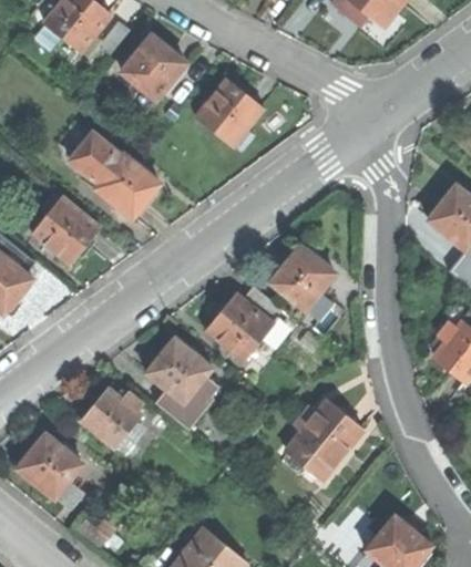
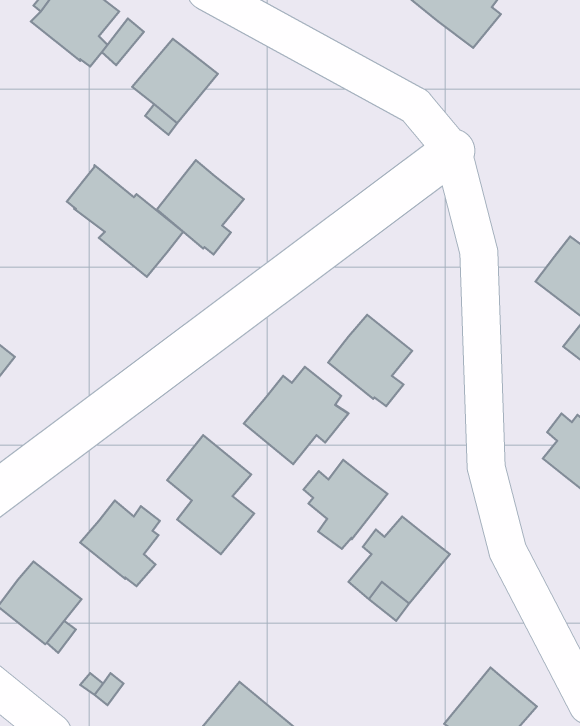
building: [196,79,263,151] -> [157,160,244,254]
building: [32,193,100,264] -> none
building: none -> [304,460,388,549]

